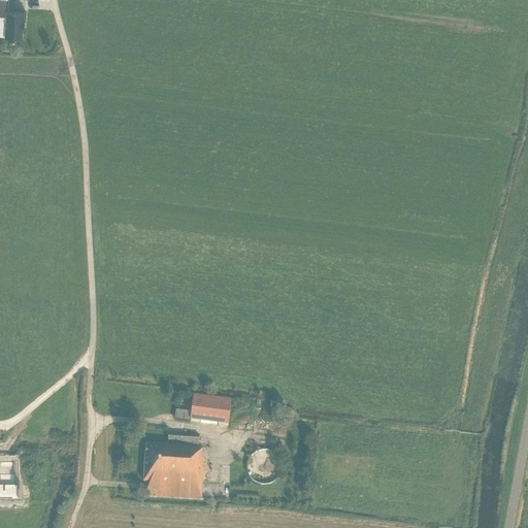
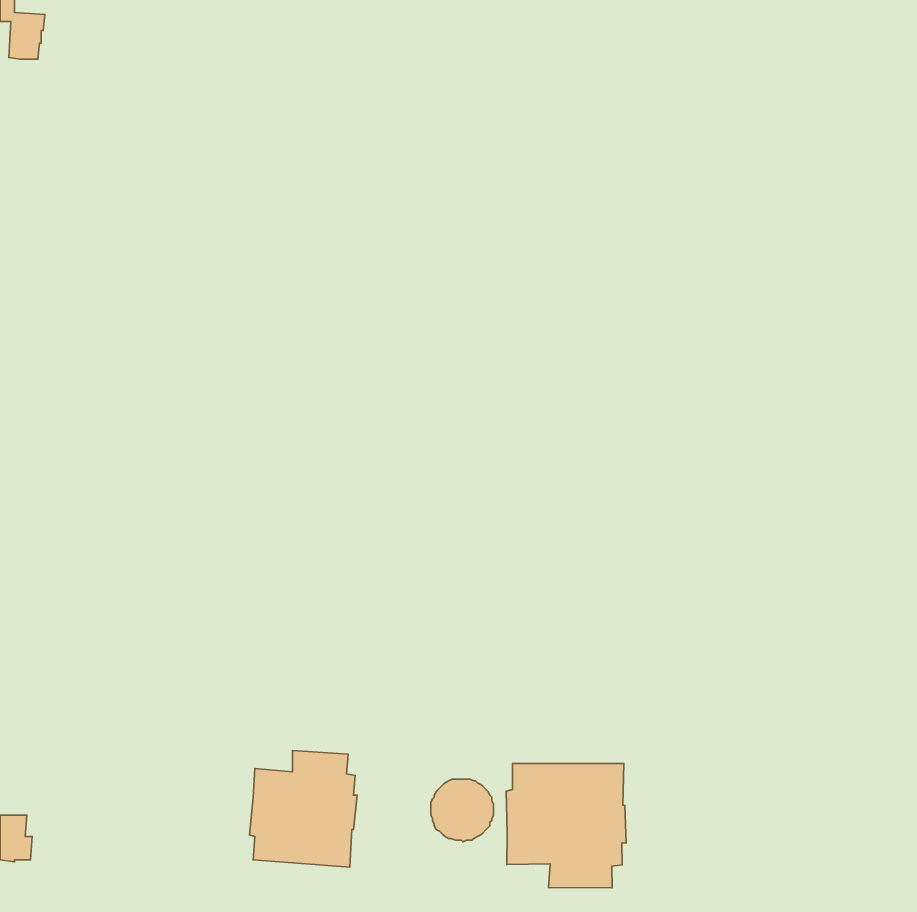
building: [174,393,232,422] -> none
building: none -> [506,764,626,888]

